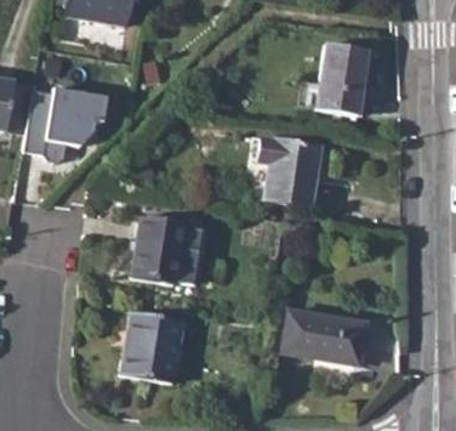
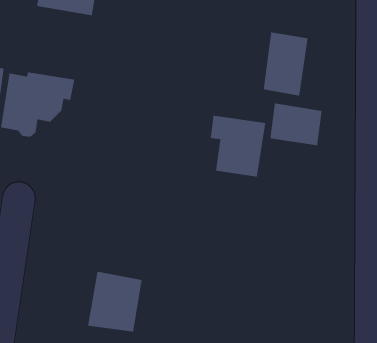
building: none -> [270,102,322,146]
building: [131,216,204,283] -> none
building: [281,310,365,363] -> none

